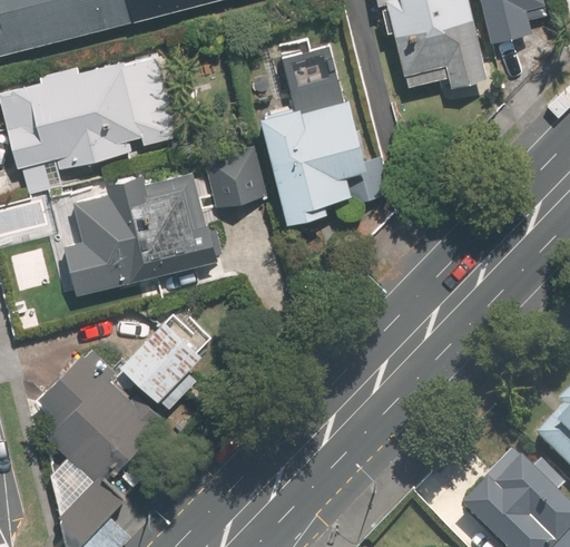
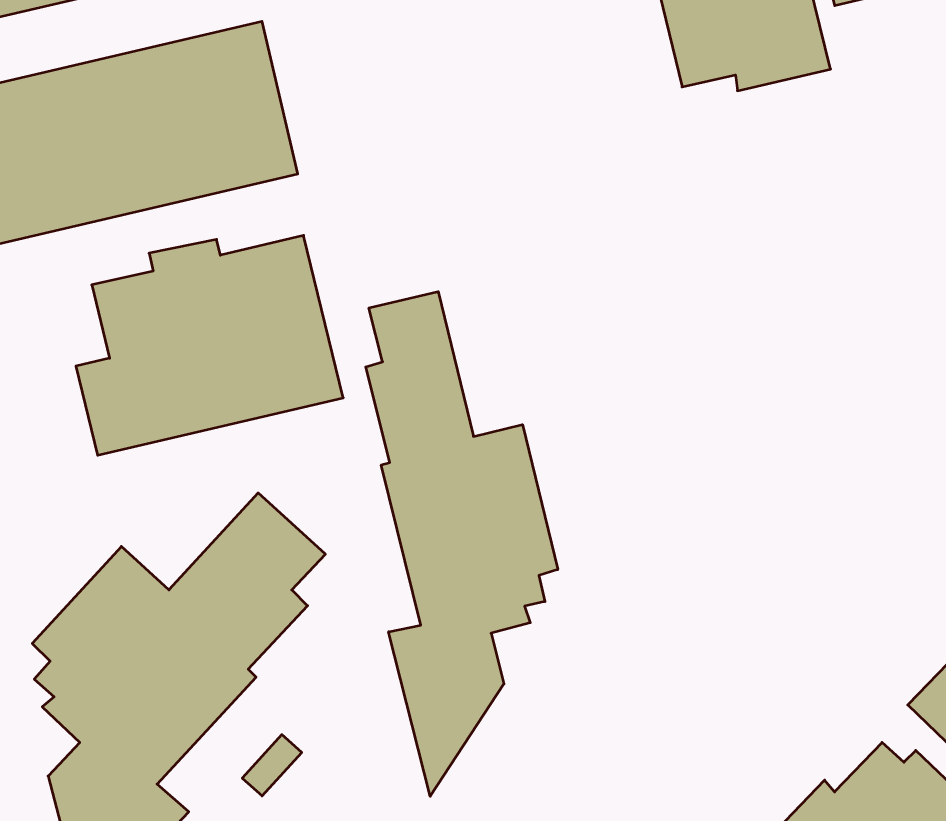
building: [263,47,387,222] -> none
building: [202,150,261,208] -> none
building: none -> [366,292,558,796]

